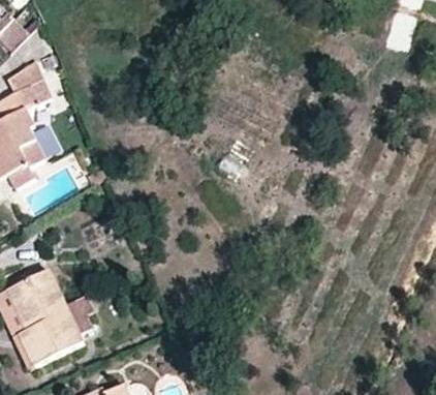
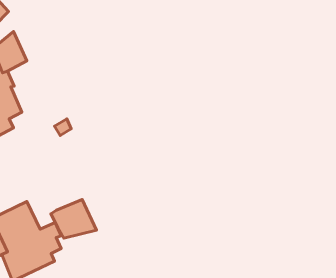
building: none -> [51,199,97,238]

